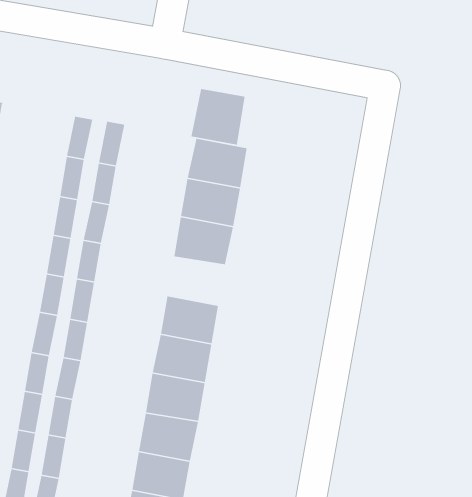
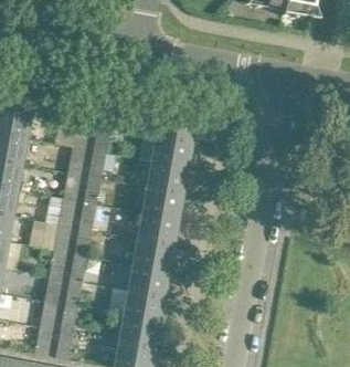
building: [191,88,246,146] -> none
building: none -> [142,187,181,219]

